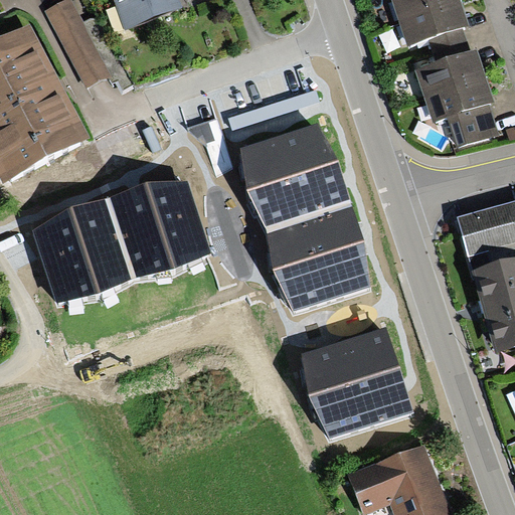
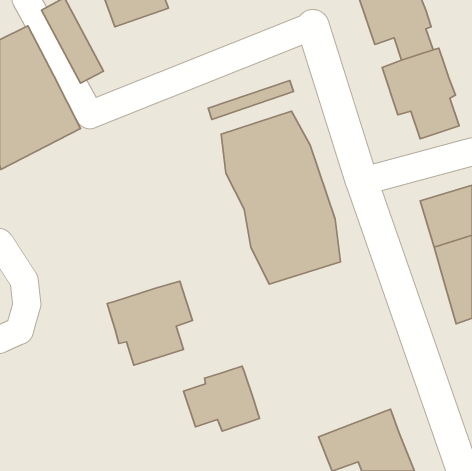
building: [34,180,208,301] -> none
building: none -> [107,281,192,365]
building: [303,326,412,439] -> none
building: none -> [184,366,259,431]

